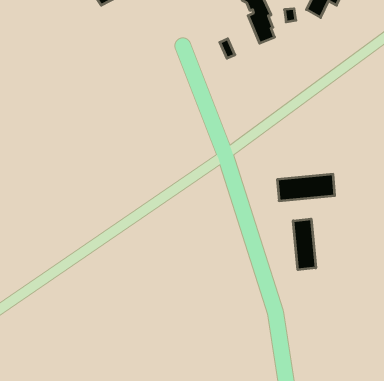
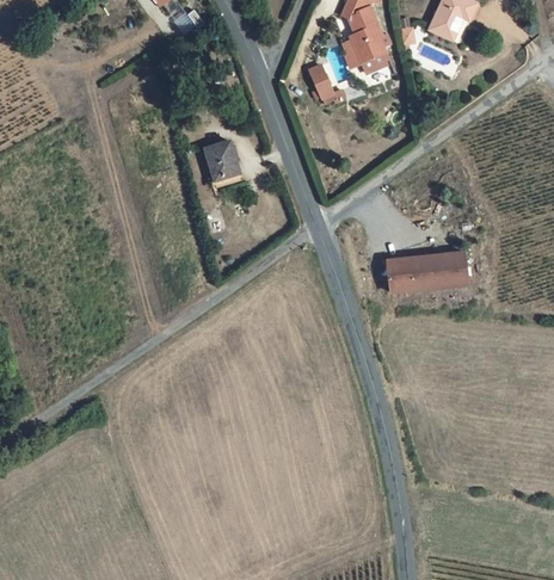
building: none -> [202,138,238,178]
building: [293,219,316,270] -> none

